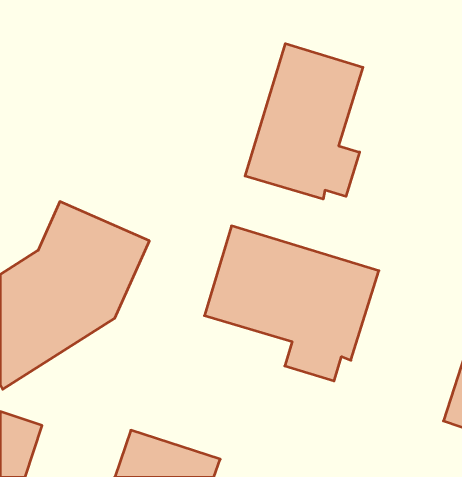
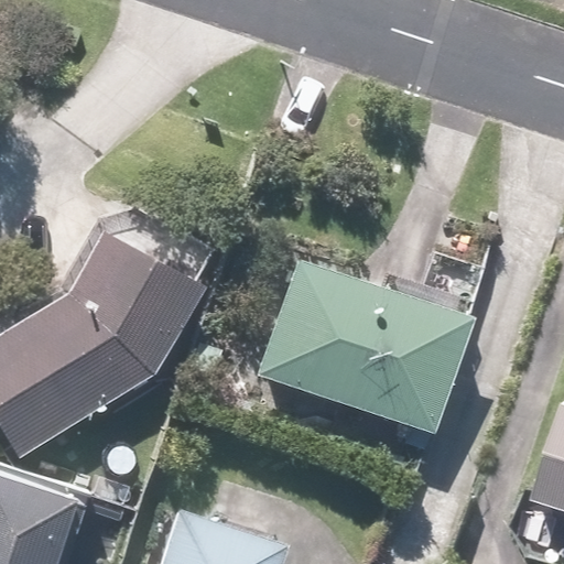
building: [245,44,363,199] -> none

